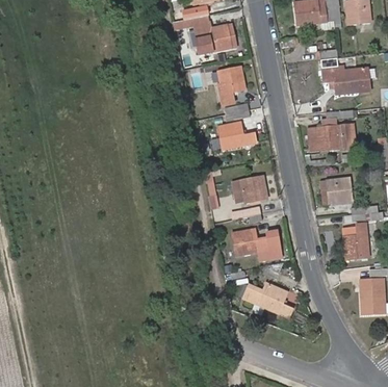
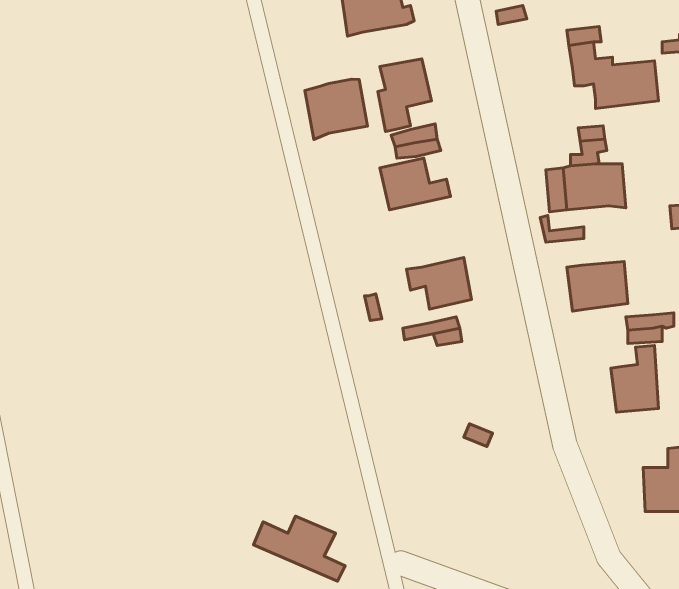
building: none -> [305,79,368,140]
building: [232,228,270,255] -> none
building: [243,282,293,317] -> [254,516,345,581]

